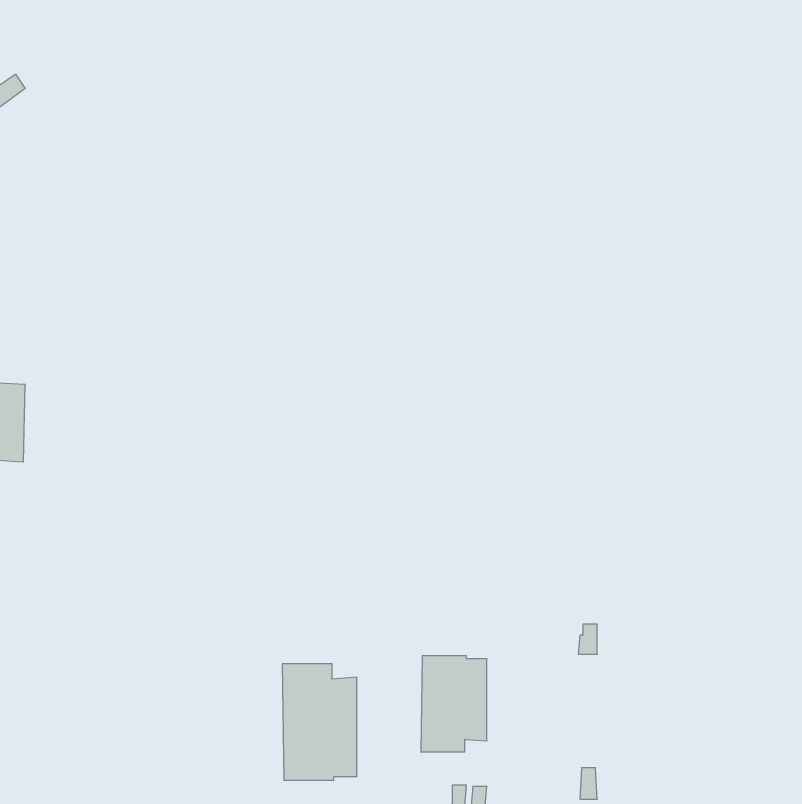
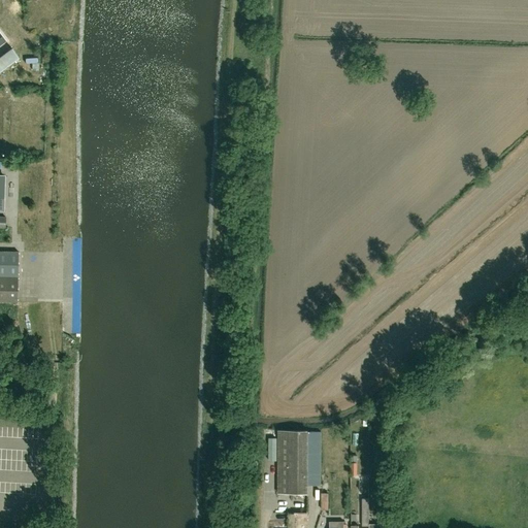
building: [282,664,357,781] -> none

